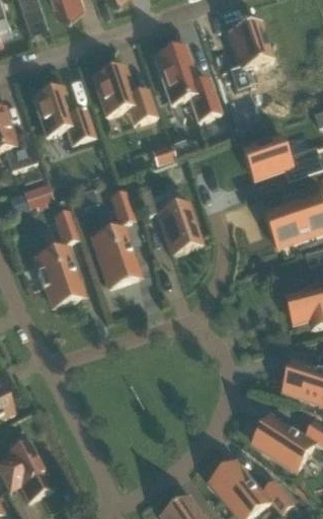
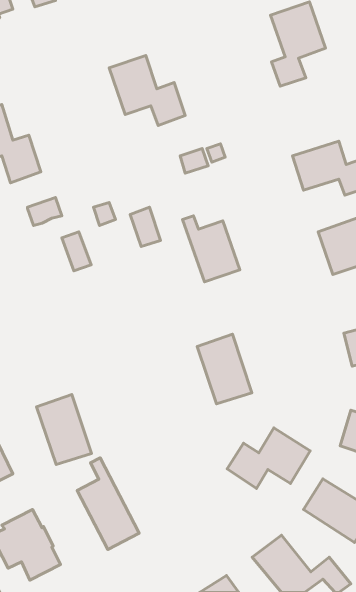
building: [154,45,220,120] -> none
building: [32,85,94,144] -> none
building: [93,227,139,285] -> [197,334,252,404]
building: [36,246,82,304] -> [36,395,91,464]
building: none -> [227,428,310,488]
building: none -> [77,458,139,550]

